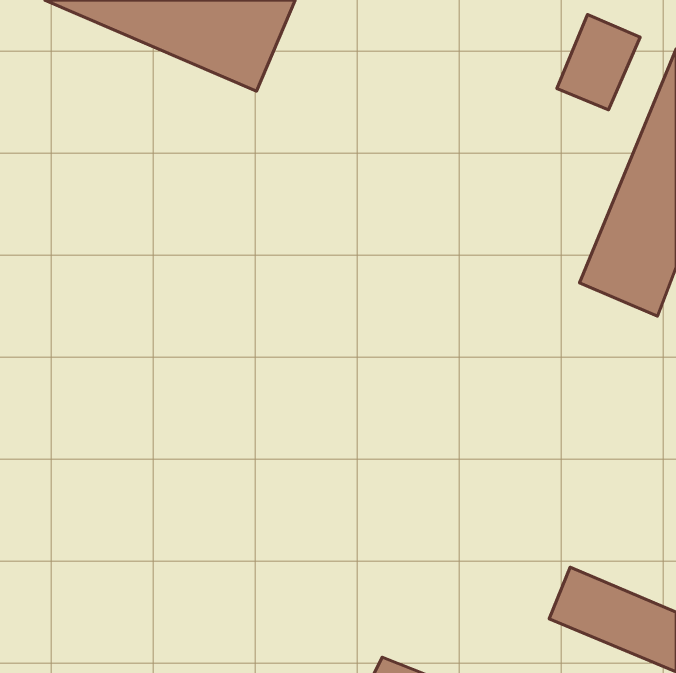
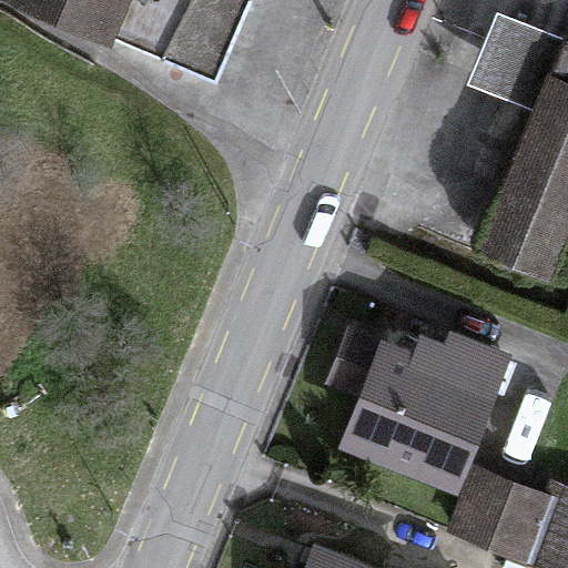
building: none -> [352,331,505,483]

